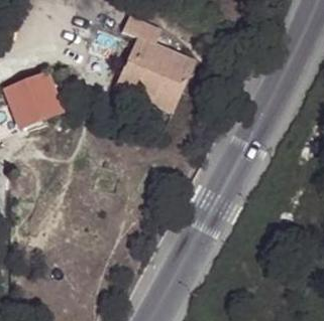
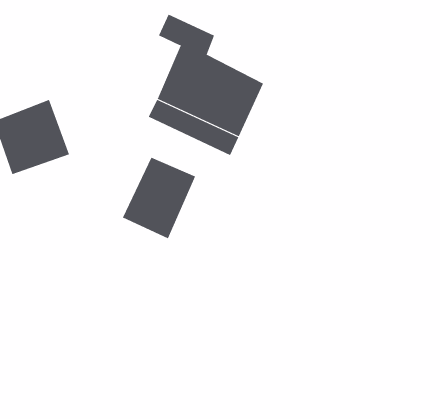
building: none -> [122,157,196,239]

